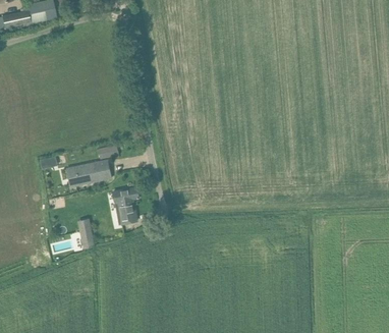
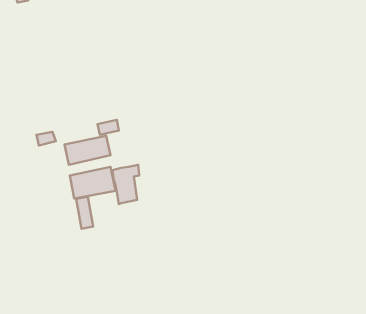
building: none -> [70,167,115,199]

